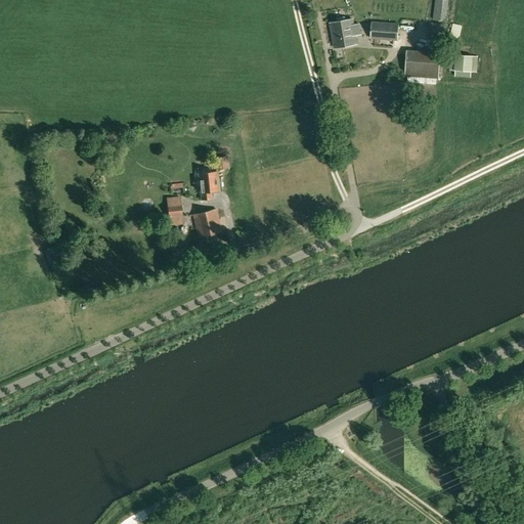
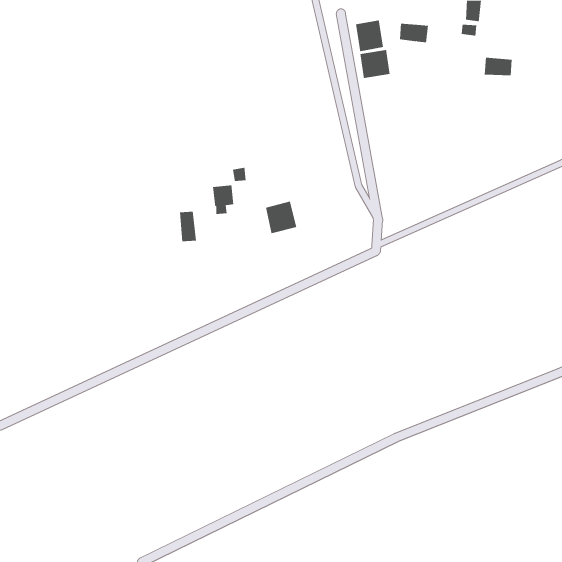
building: none -> [360,49,390,79]
building: [405,51,440,78] -> none
building: [192,208,222,238] -> [265,201,297,234]

